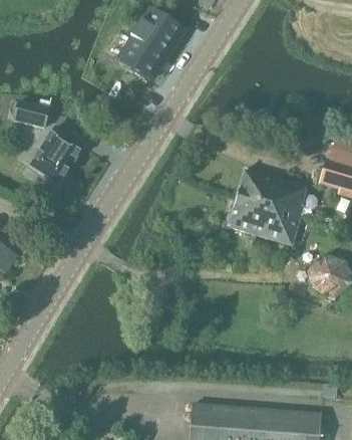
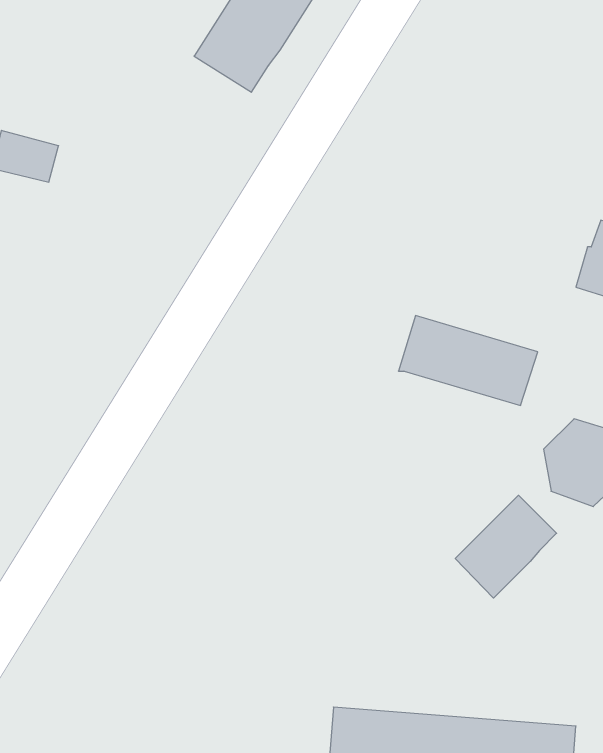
building: [30,128,83,184] -> none
building: [236,169,306,217] -> none
building: none -> [455,495,557,598]

